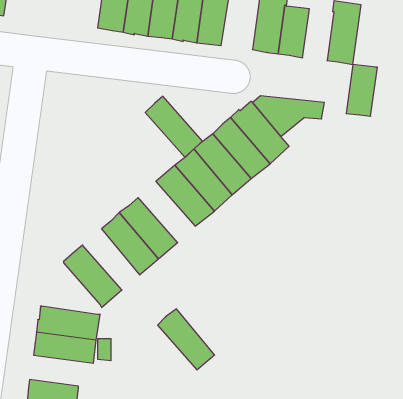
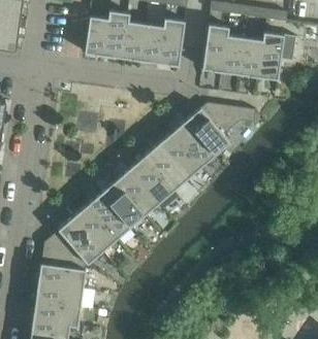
building: [346,65,377,116] -> [240,39,263,78]
building: [145,96,202,157] -> [115,170,158,216]
building: none -> [41,232,86,271]
building: [158,309,215,370] -> [72,206,116,252]
building: none -> [32,302,81,328]

